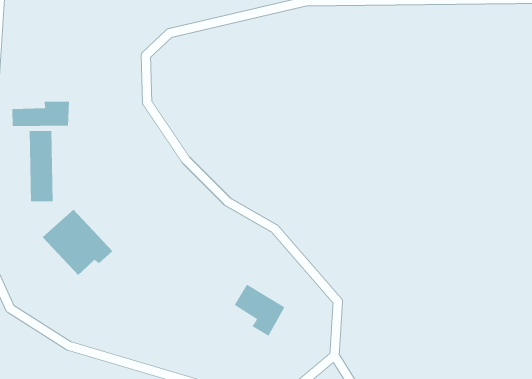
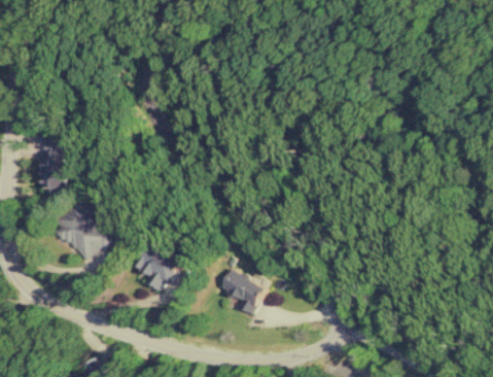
building: [12,101,69,127] -> none
building: none -> [133,241,180,292]

